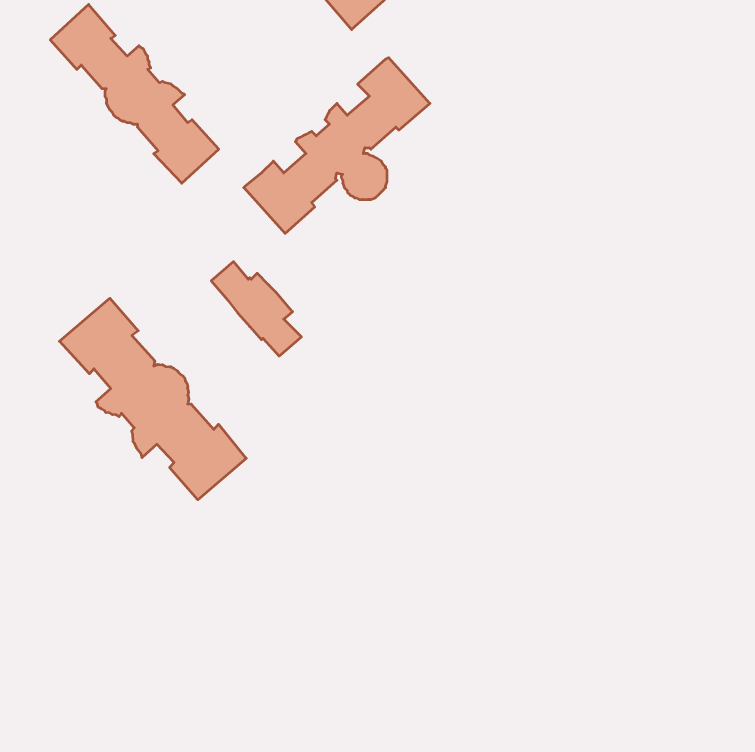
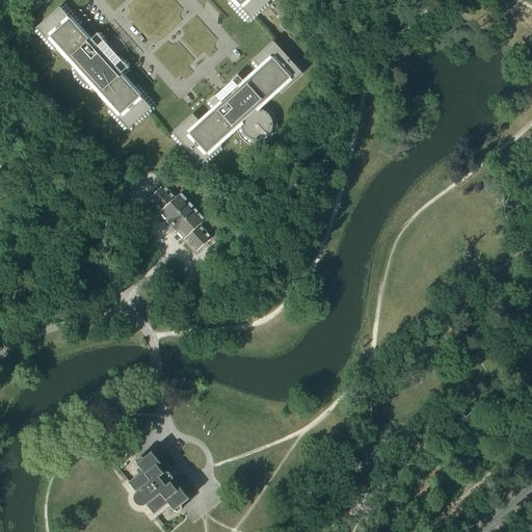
building: [59,298,246,500] -> none
building: none -> [129,451,189,516]

